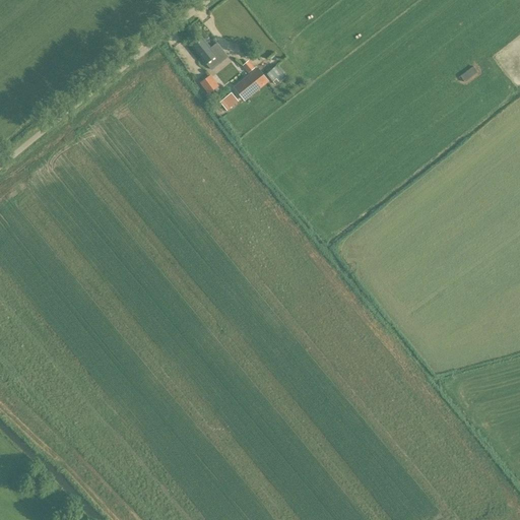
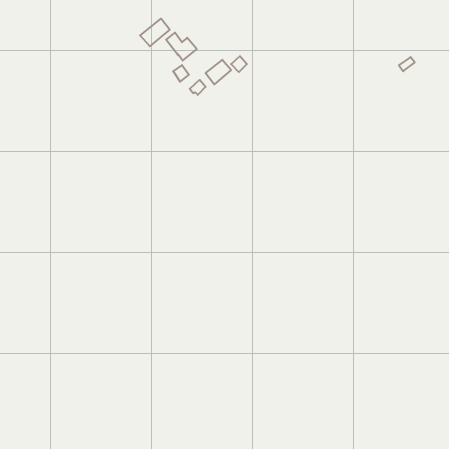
building: none -> [140,19,170,46]

